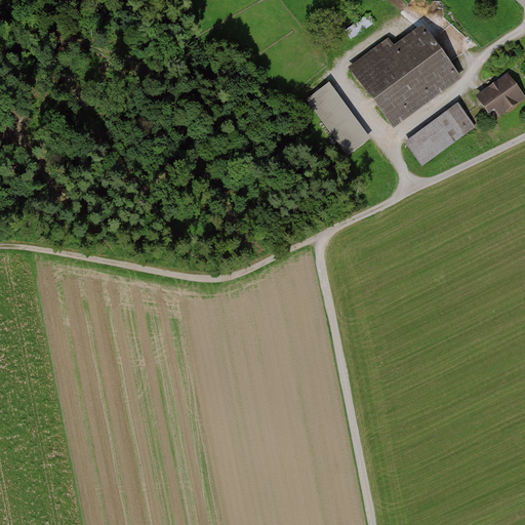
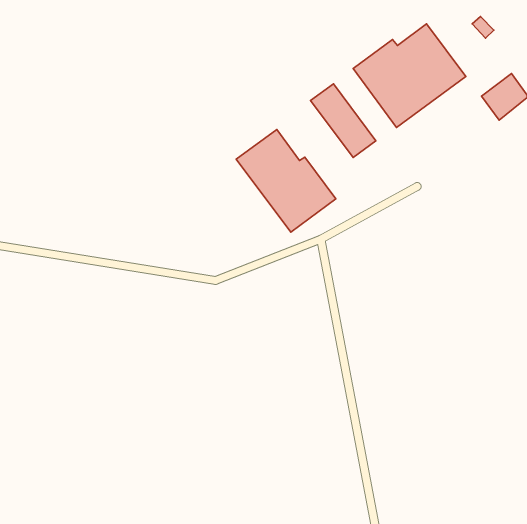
building: [404,103,474,164] -> none
building: none -> [236,129,336,232]

